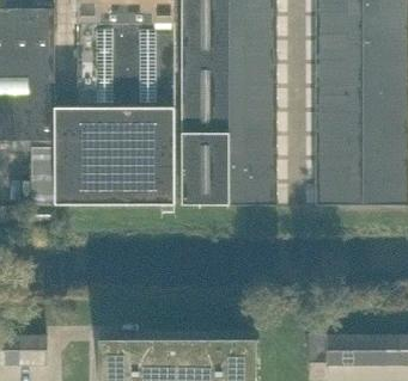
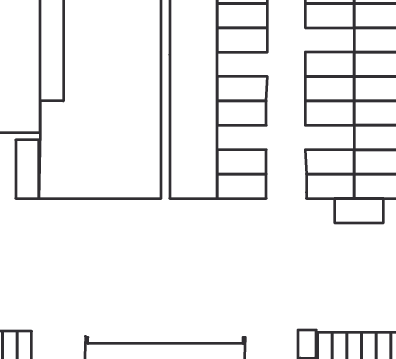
building: [316,37,364,61] -> none
building: [230,61,279,85] -> none
building: [230,133,278,156] -> none
building: [316,133,364,156] -> [335,198,383,223]

